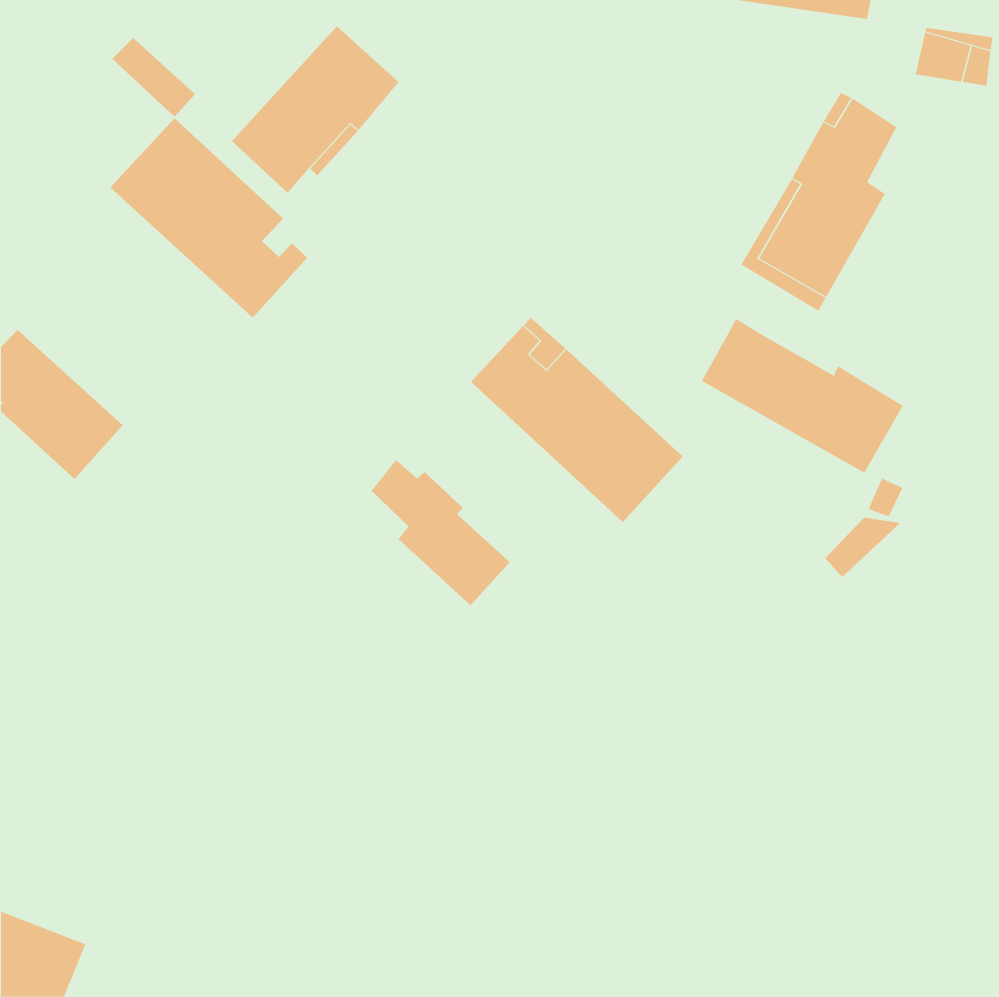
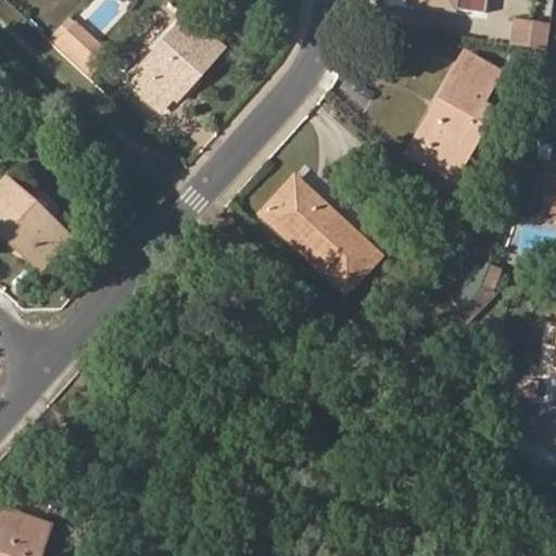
building: [110,118,308,319] -> none
building: [701,318,904,473] -> none
building: [371,459,511,606] -> none

